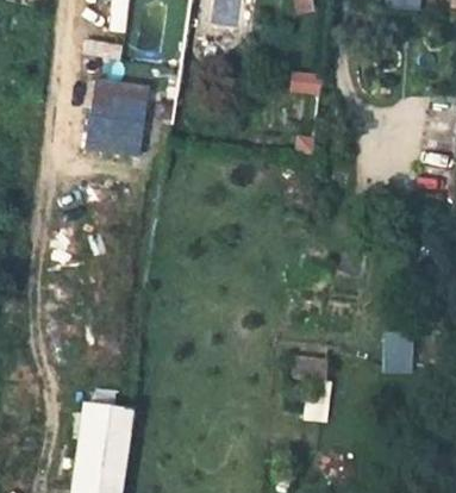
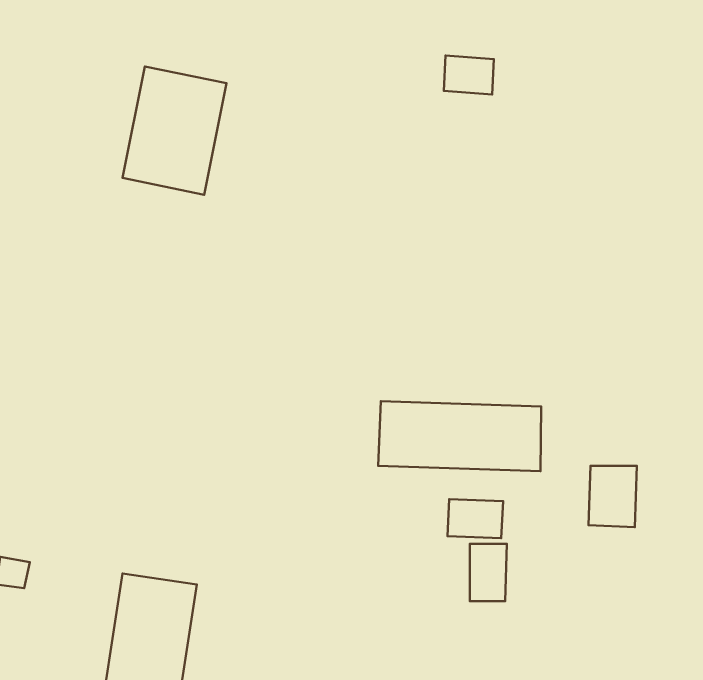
building: none -> [378,401,541,471]

